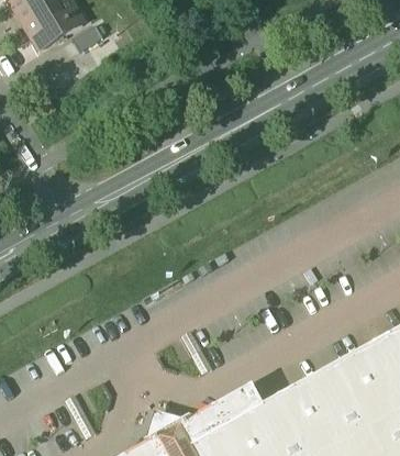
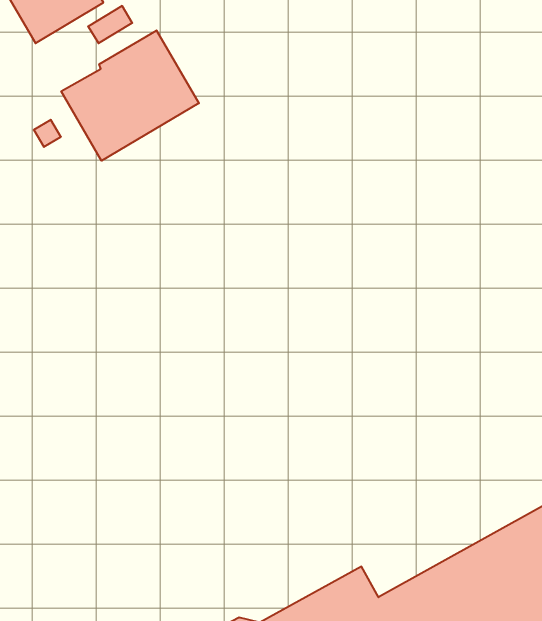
building: none -> [61,30,199,161]

